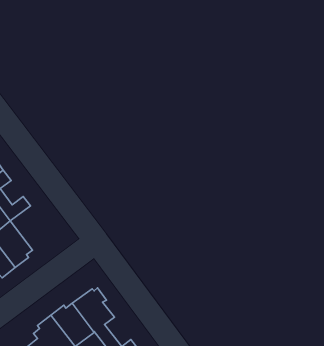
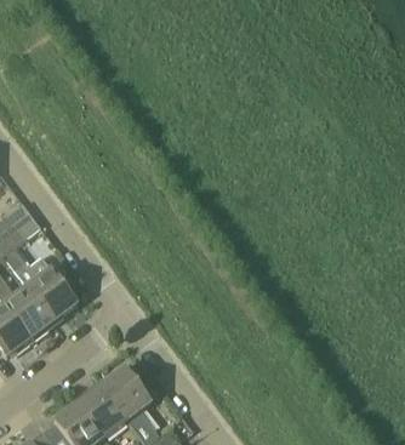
building: none -> [27,269,79,323]

